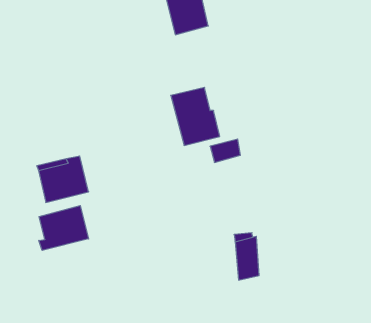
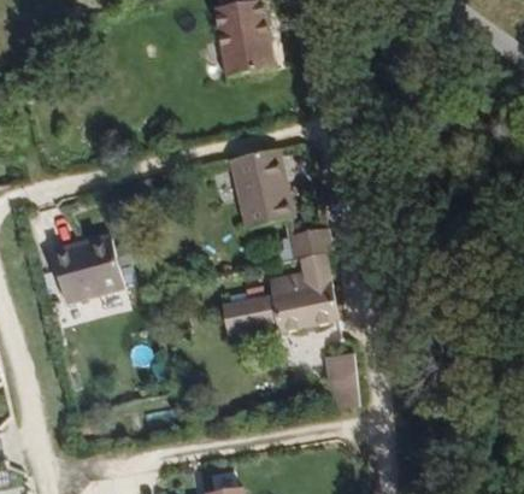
building: none -> [222,245,334,330]
building: [39,206,89,250] -> none

